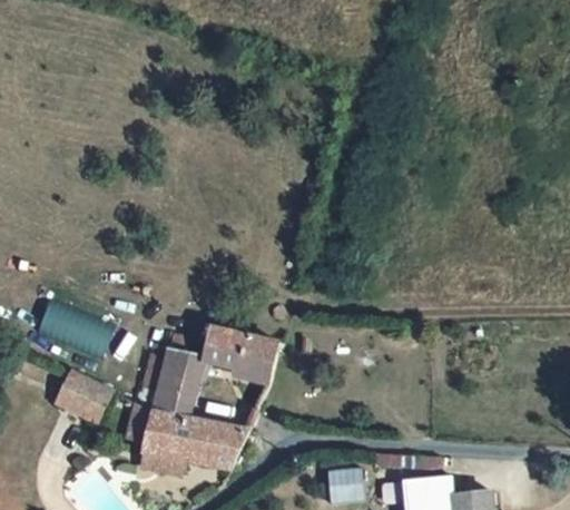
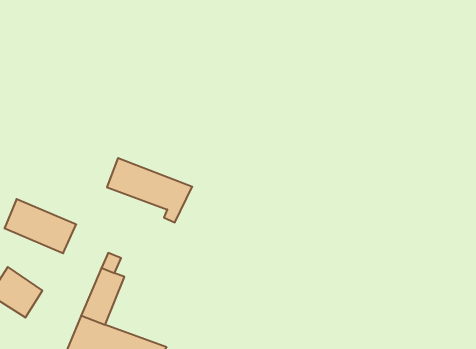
building: [189,330,278,388] -> [107,158,192,222]

